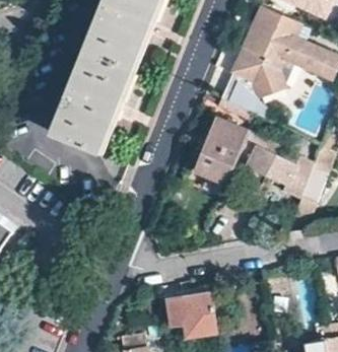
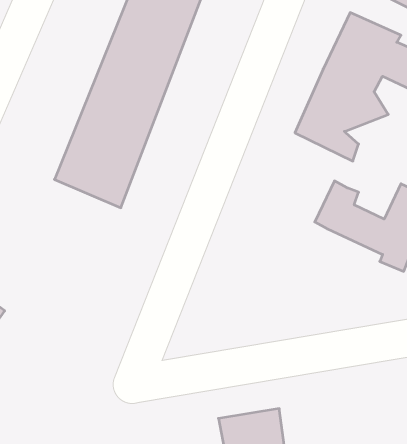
building: [195,115,252,182] -> none

